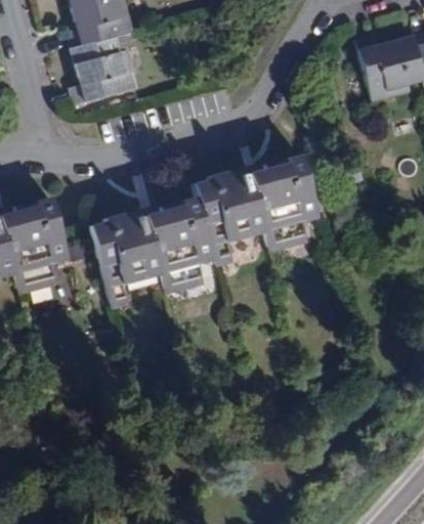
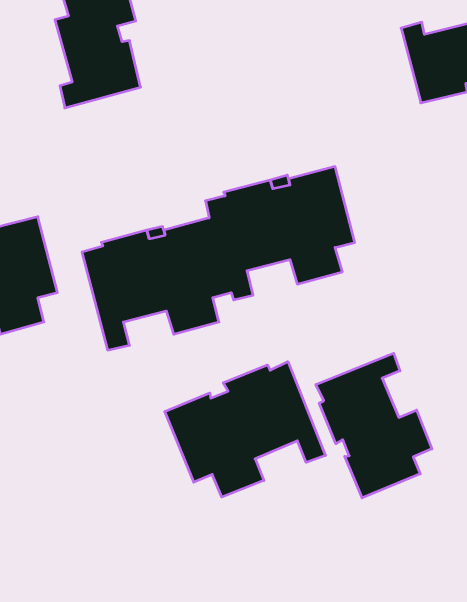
building: none -> [316,353,432,498]
building: none -> [165,362,325,497]

